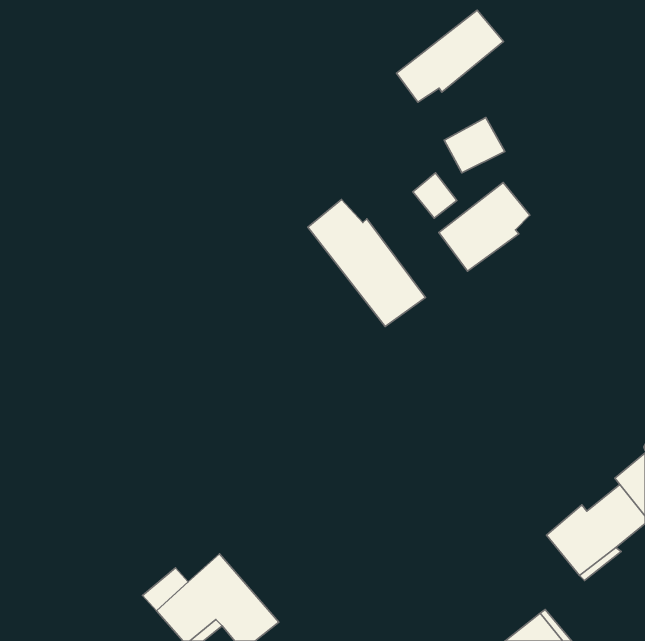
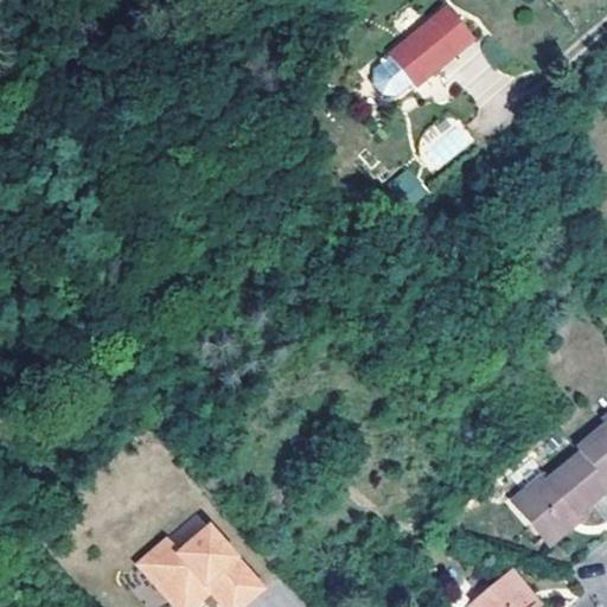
building: [439,182,530,271] -> none
building: [308,199,426,327] -> none

